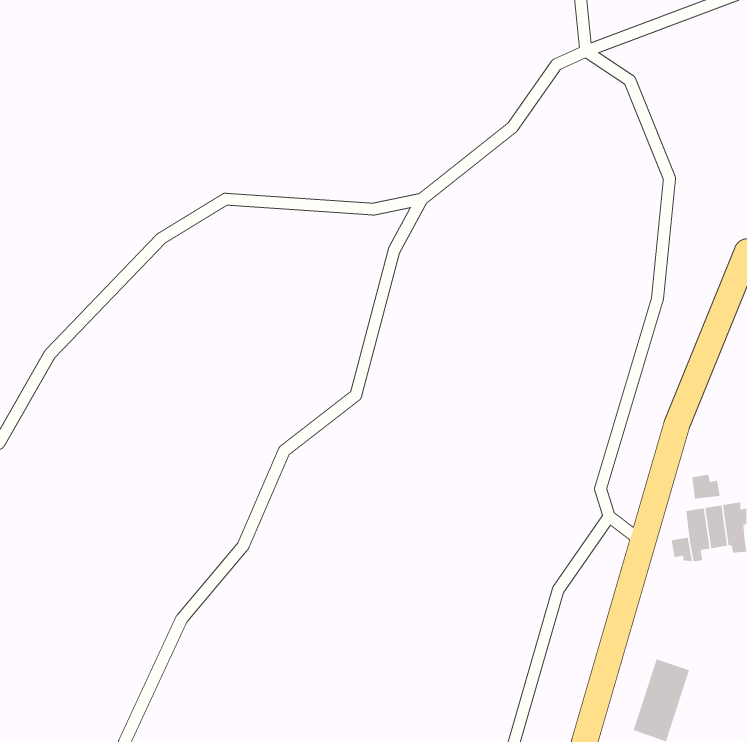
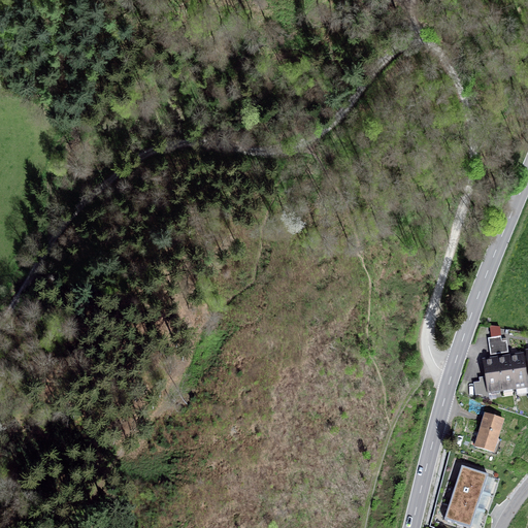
building: none -> [474,411,504,452]

